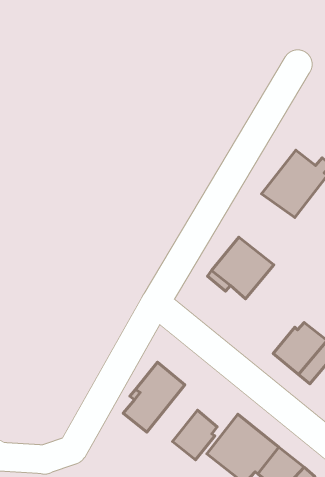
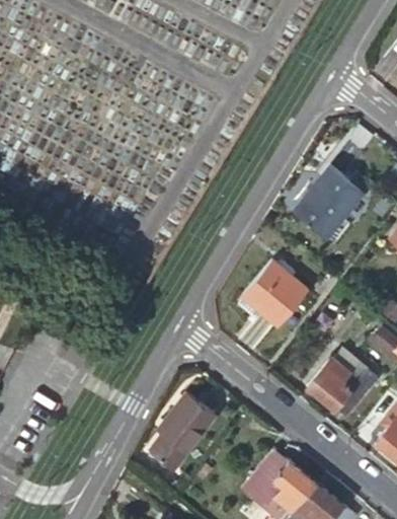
building: [173,410,217,460] -> none

